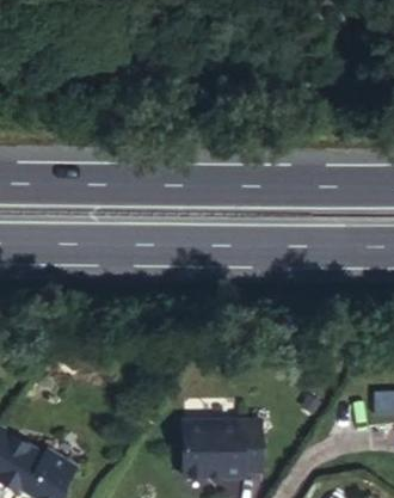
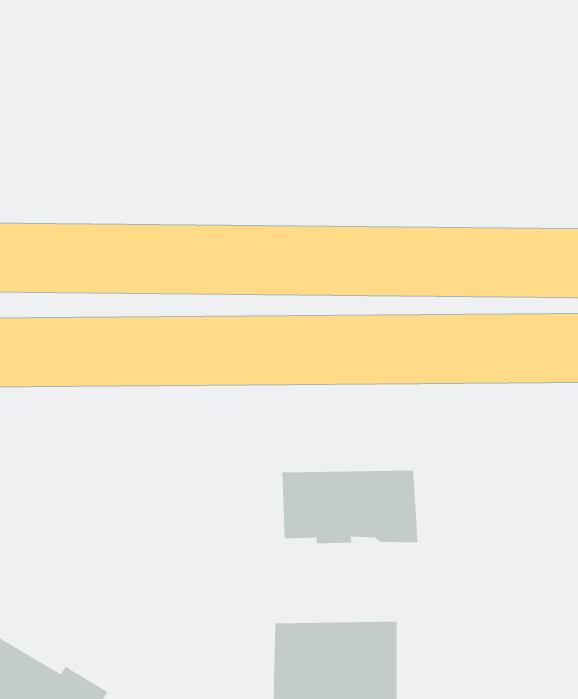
building: none -> [281,470,418,544]

